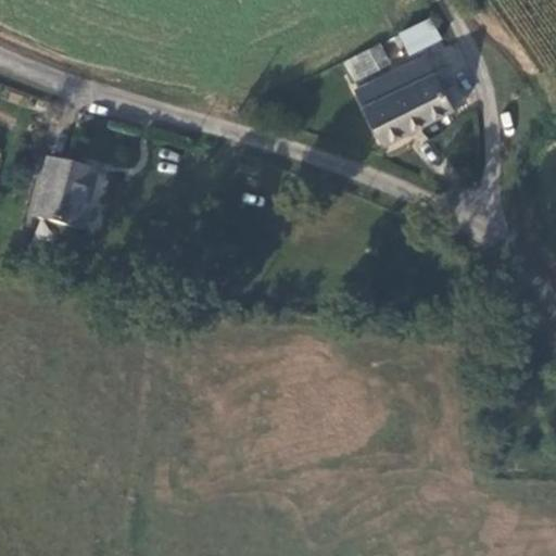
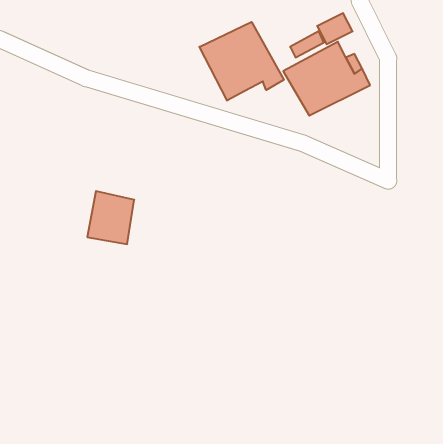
building: none -> [199,22,284,101]
building: [34,159,92,225] -> [87,191,134,244]

